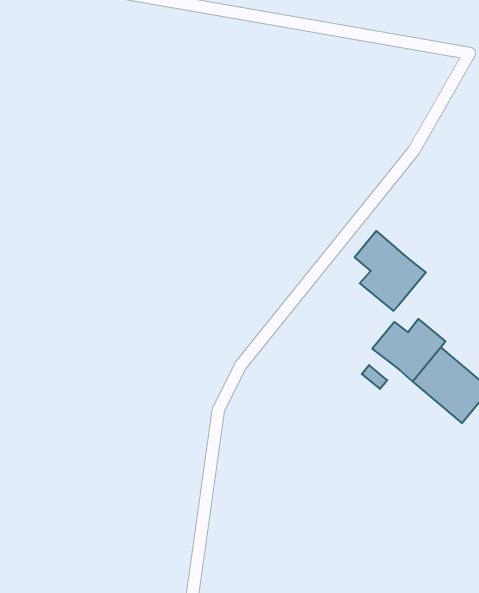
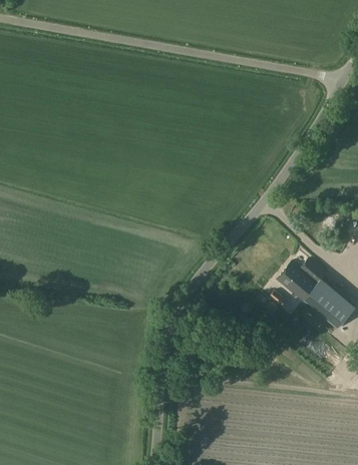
building: [355,231,426,311] -> none

